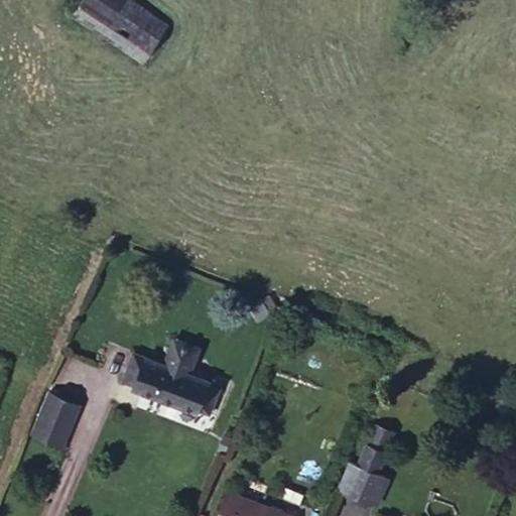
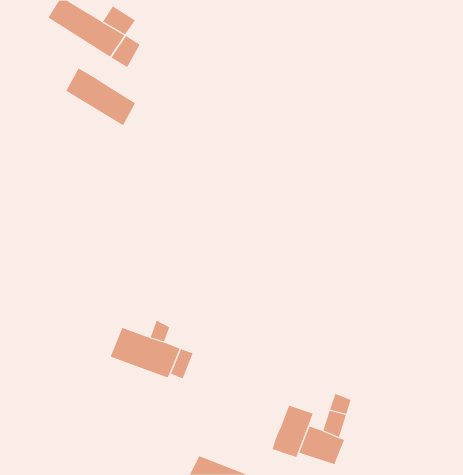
building: none -> [65,68,136,126]
building: [31,394,79,447] -> none
building: none -> [272,405,313,458]

